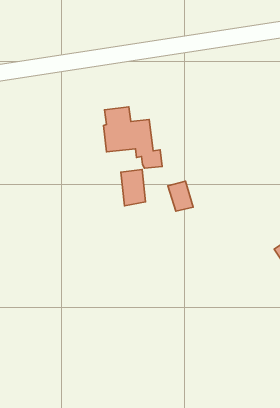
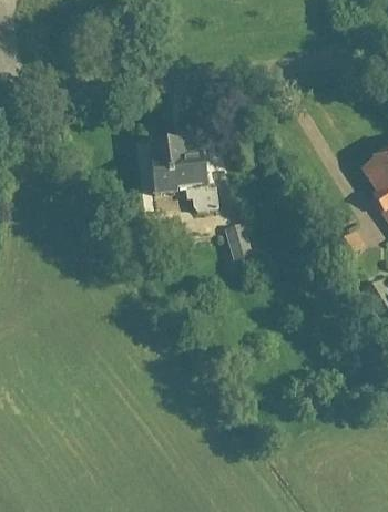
building: [121,170,146,206] -> none

